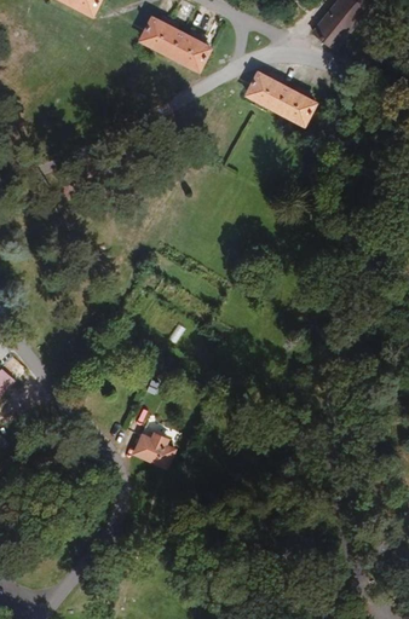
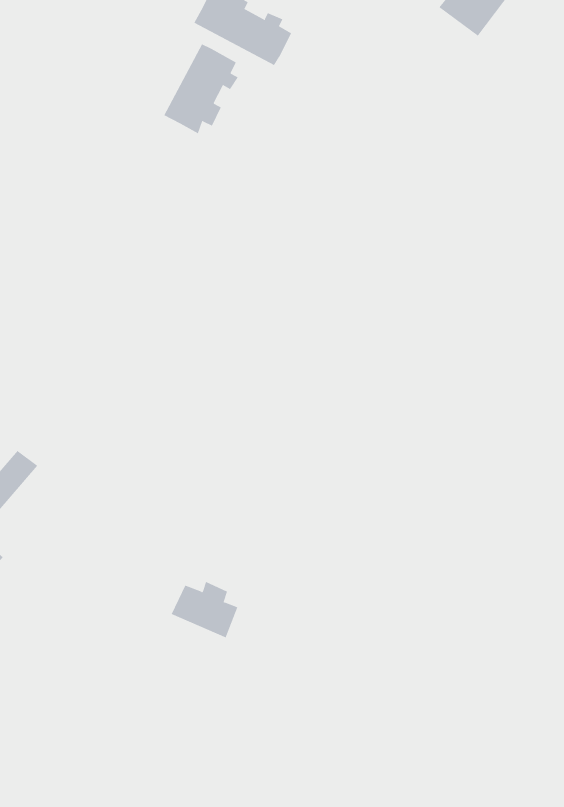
building: none -> [163,43,238,134]
building: [248,74,316,127] -> none

